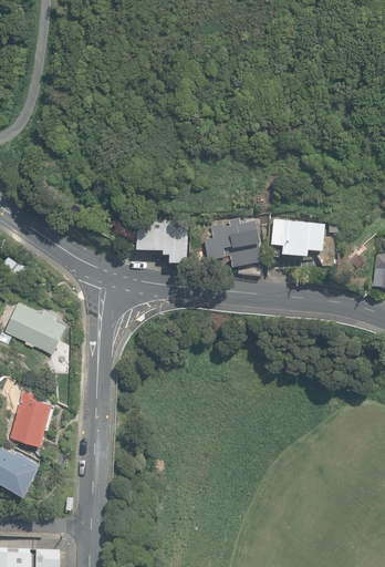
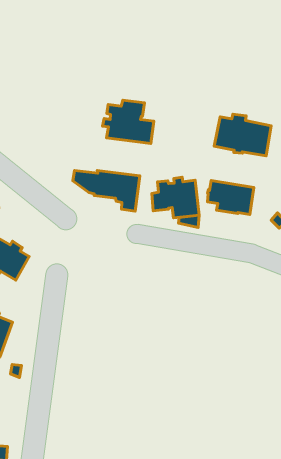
building: none -> [103,100,154,144]
building: none -> [214,114,271,156]

